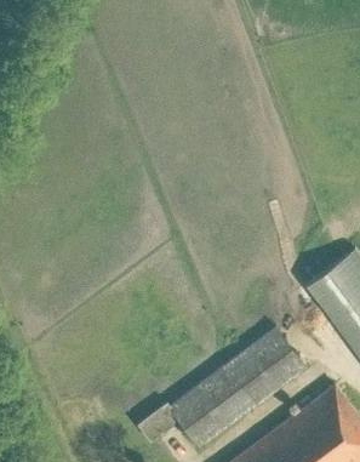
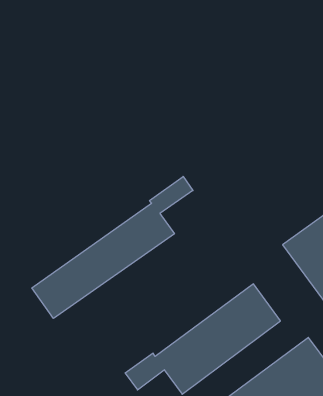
building: none -> [32,176,193,318]

